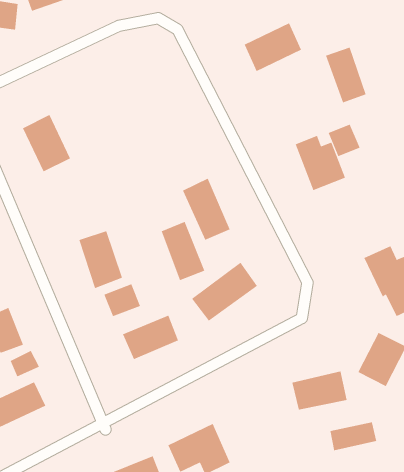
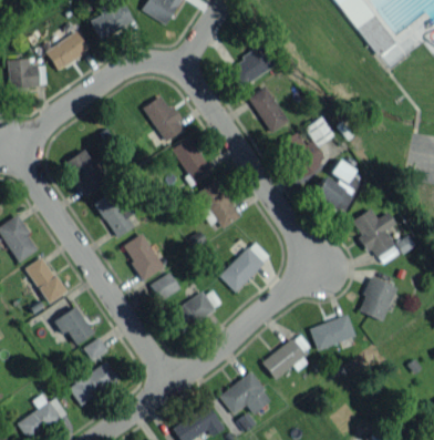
building: [325,47,366,103] -> [249,86,287,132]
building: none -> [143,94,186,142]
building: none -> [95,192,133,238]
building: none -> [313,160,355,211]
building: [161,221,205,281] -> [173,136,213,184]
building: none -> [261,339,308,379]
building: [330,421,377,451] -> none

